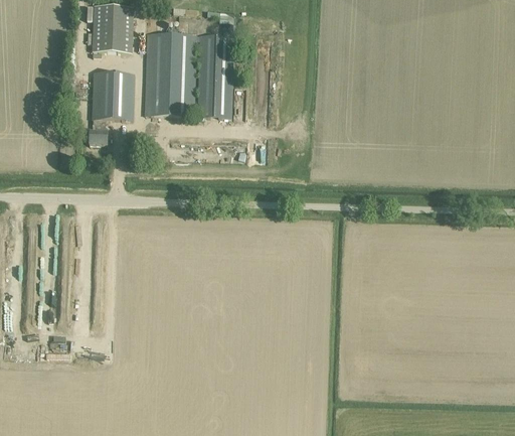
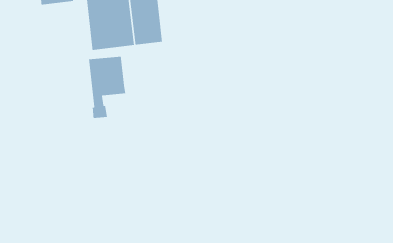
building: [89,70,134,144] -> [88,56,126,119]

